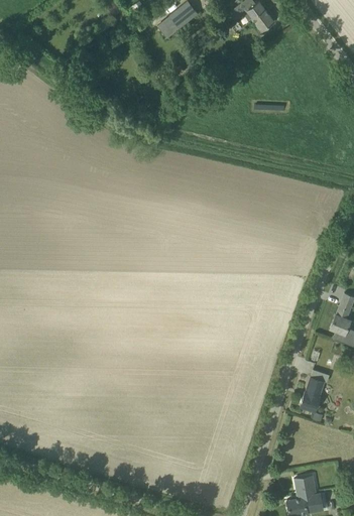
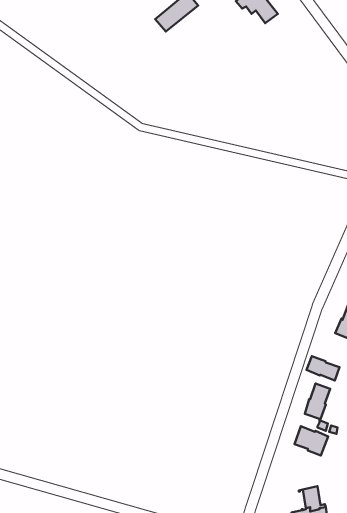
building: none -> [307,356,339,380]
building: none -> [295,426,328,455]

